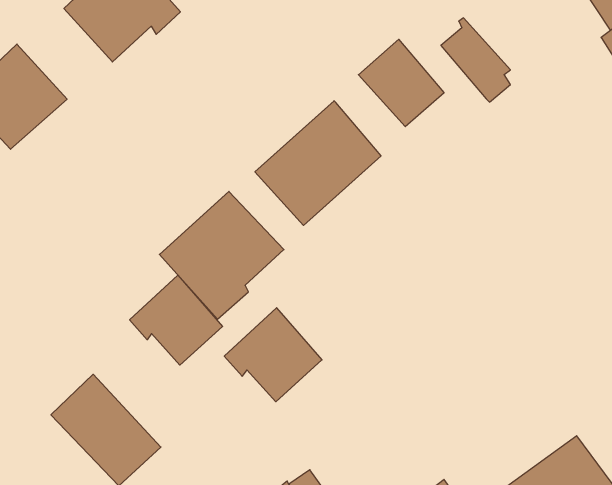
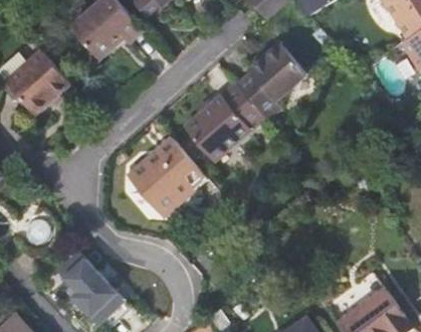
building: [441,18,510,102] -> [236,66,279,119]
building: [130,275,223,365] -> none
building: [224,308,322,402] -> none

